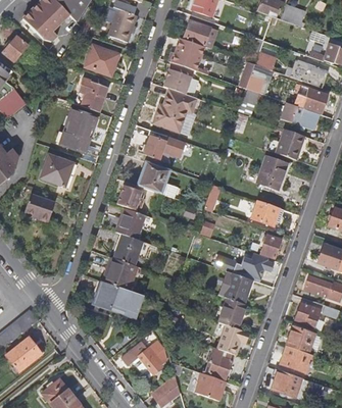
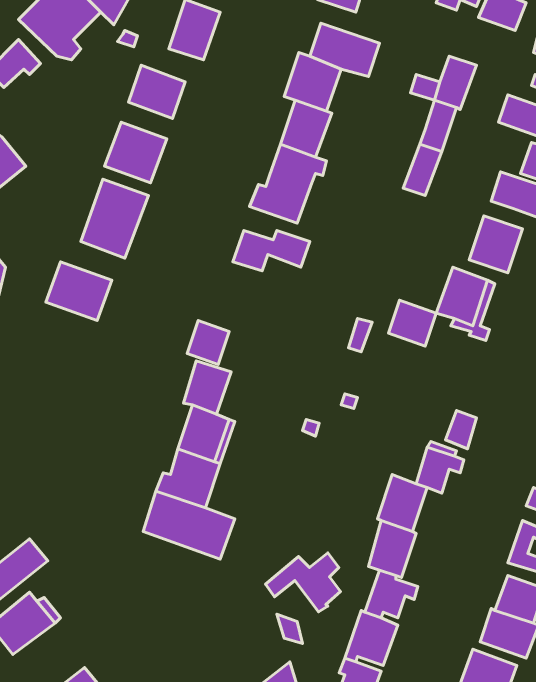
building: [140,161,177,198] -> none
building: [23,193,54,221] -> none
building: [251,200,278,225] -> [389,300,436,346]
building: [123,340,164,372] -> [265,553,341,612]

